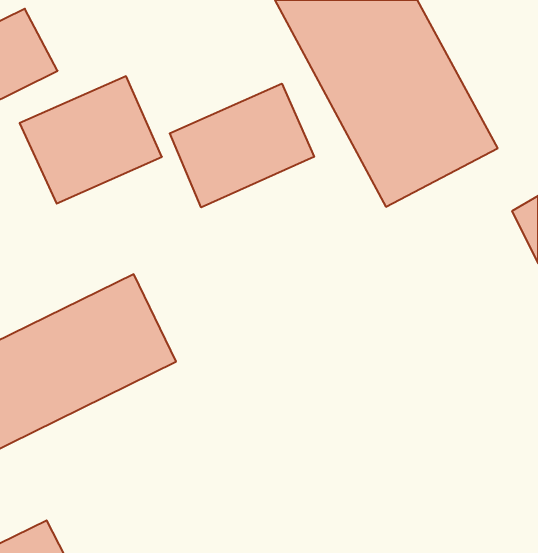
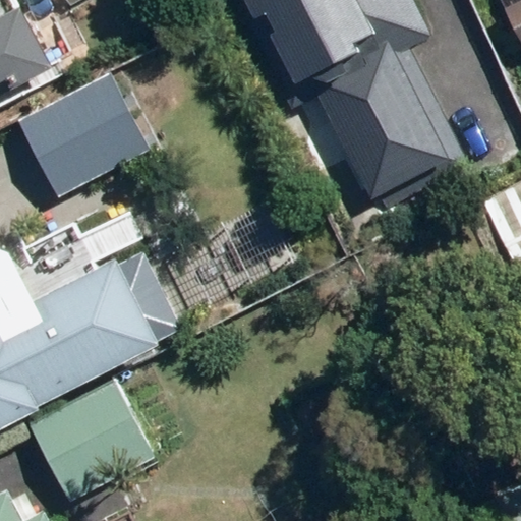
building: [170,84,314,207] -> none
building: none -> [37,395,150,494]

